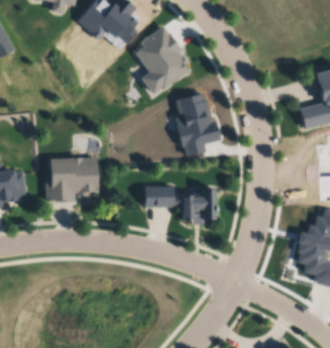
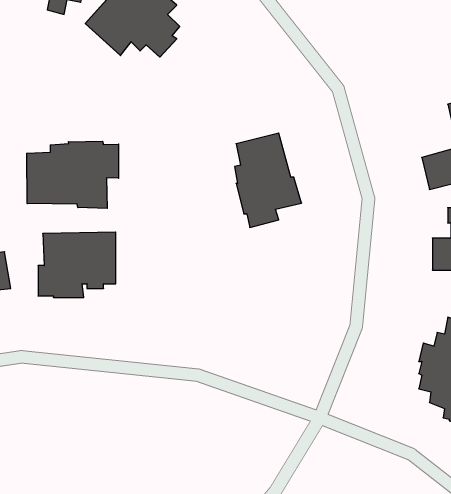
building: [136,24,189,93] -> none
building: none -> [27,141,119,208]
building: [143,185,216,225] -> none

